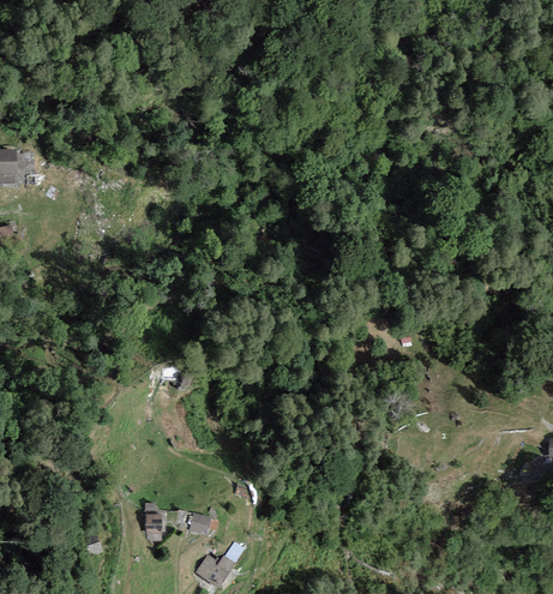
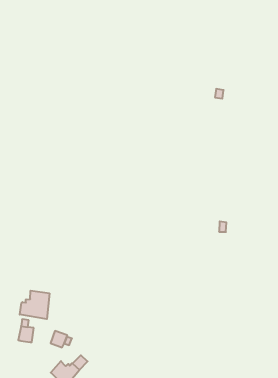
building: none -> [20,291,49,319]

